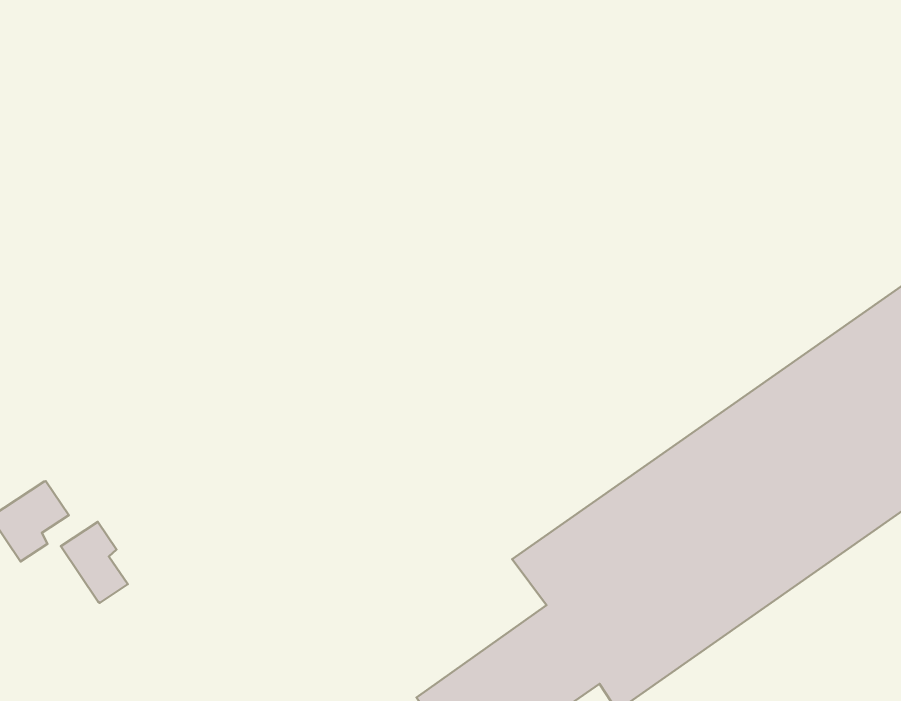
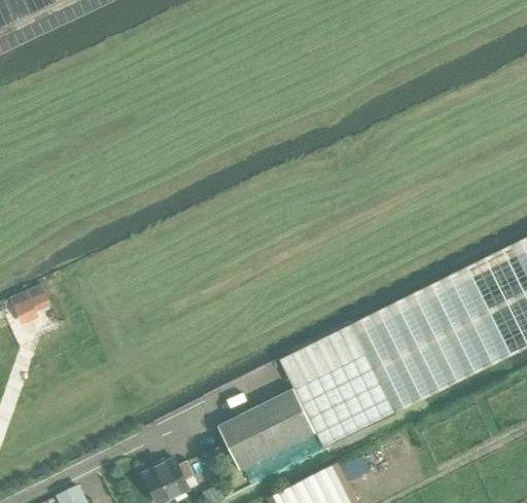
building: [61,522,128,603] -> none

